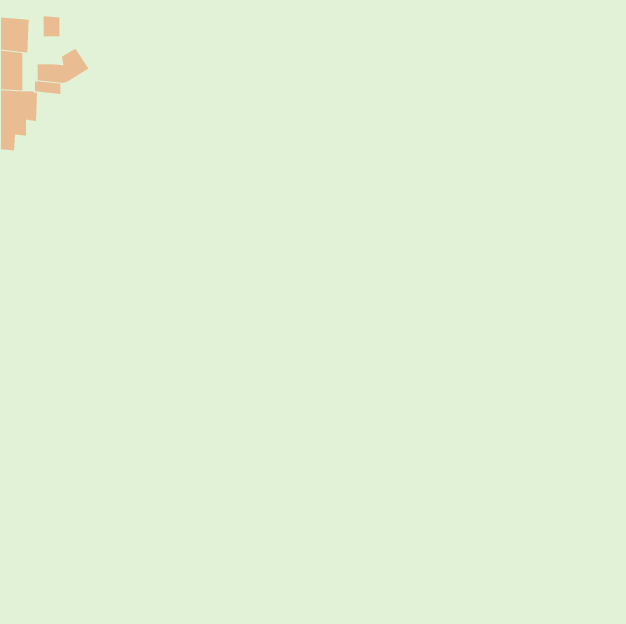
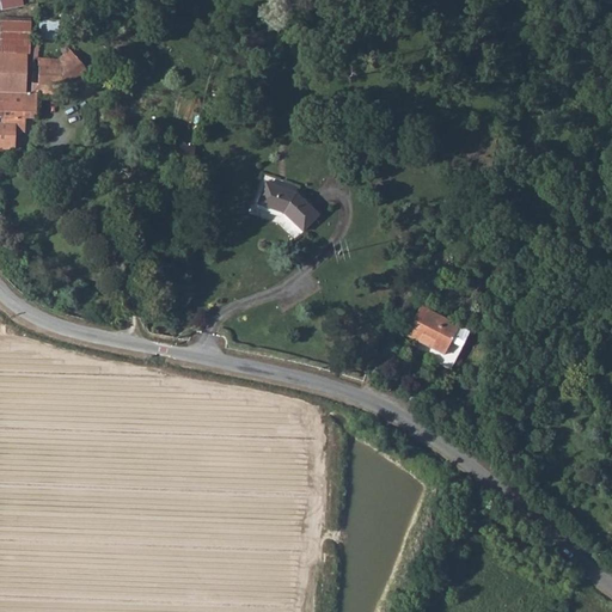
building: none -> [257,179,316,227]
building: none -> [406,305,466,368]

